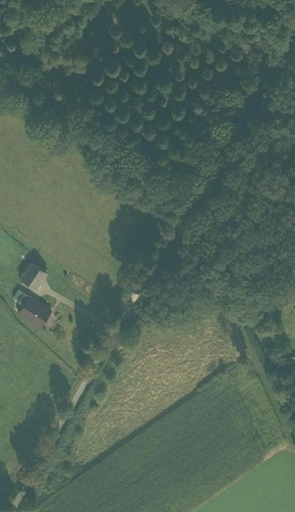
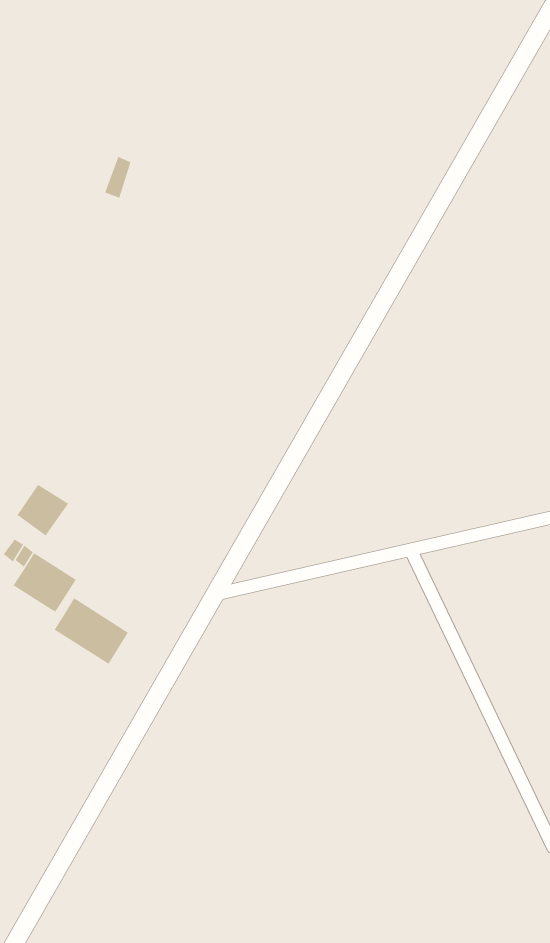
building: none -> [54,597,129,665]

